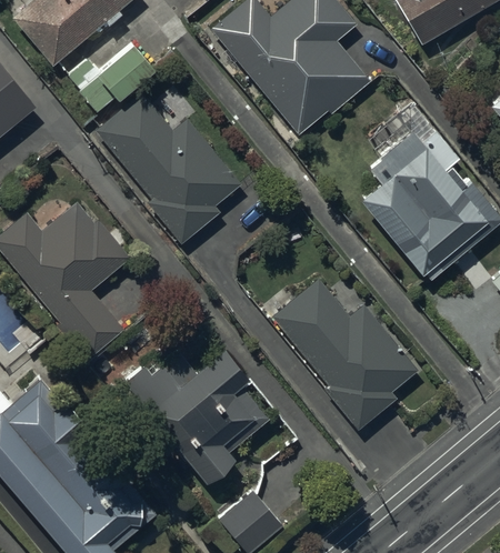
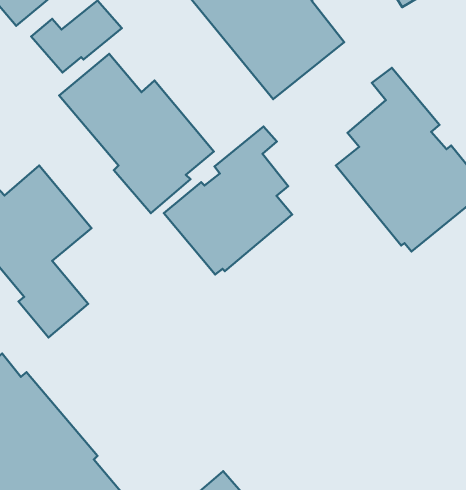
building: none -> [164,126,292,274]
building: [271,280,417,431] -> none
building: [123,349,267,485] -> none

